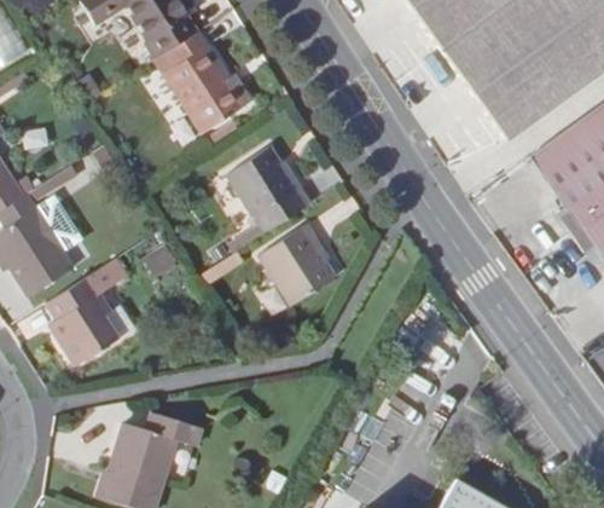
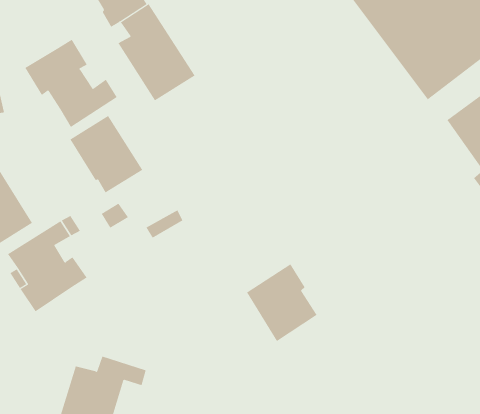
building: none -> [24,39,118,128]
building: [232,145,312,230] -> [69,115,143,193]
building: [263,221,341,306] -> [246,264,318,342]

